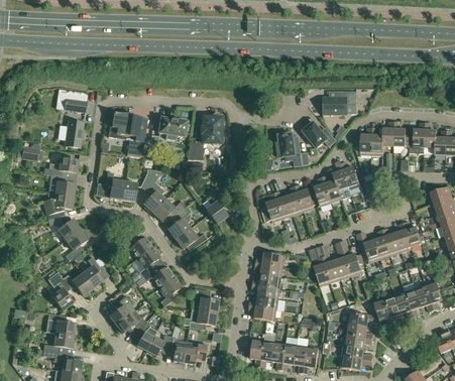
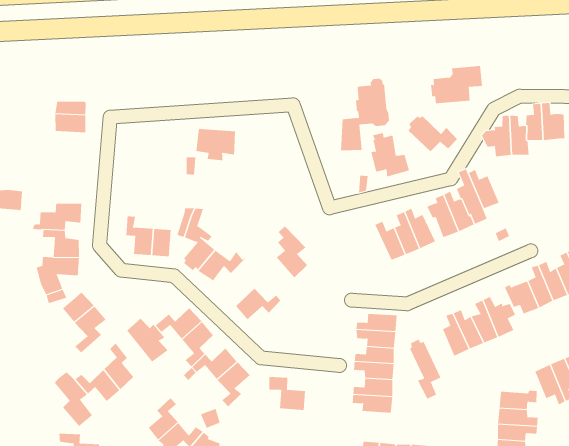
building: [108,113,147,158] -> none
building: [188,113,223,160] -> [340,78,390,151]
building: [65,120,84,148] -> none
building: [260,193,283,224] -> none
building: [167,207,191,239] -> none
building: none -> [126,318,169,363]
building: none -> [409,339,441,400]
building: [183,309,216,330] -> none

